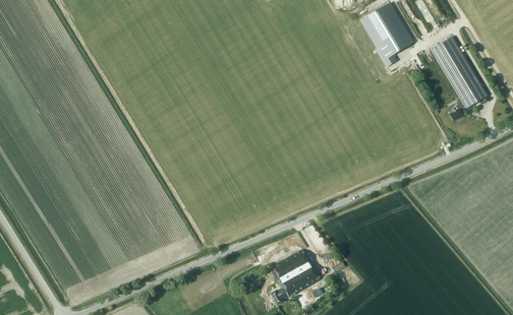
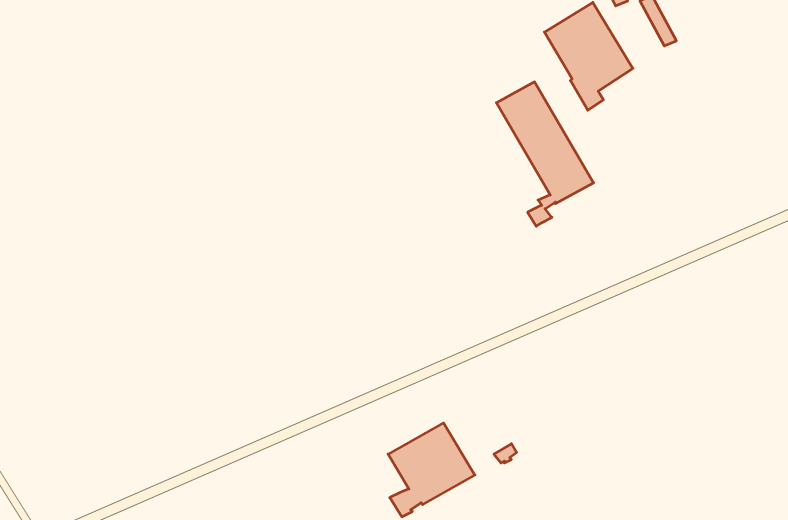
building: [431,37,488,121] -> [496,82,594,226]

